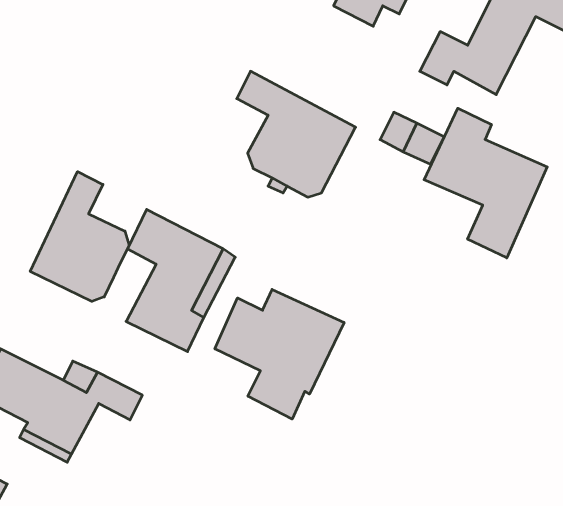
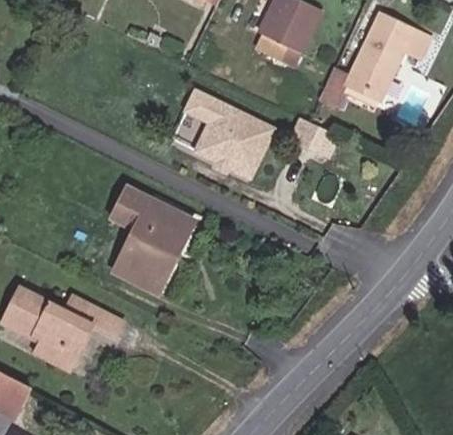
building: [424,108,547,258] -> none
building: [30,172,129,301] -> none
building: [215,289,344,419] -> none

